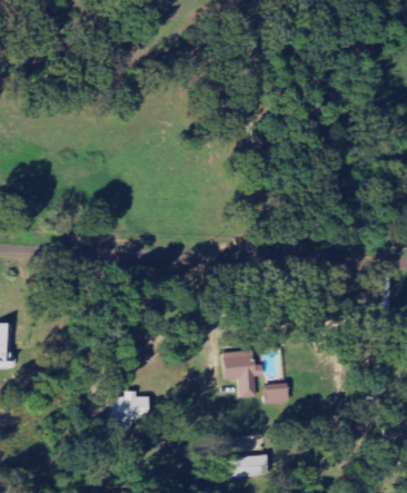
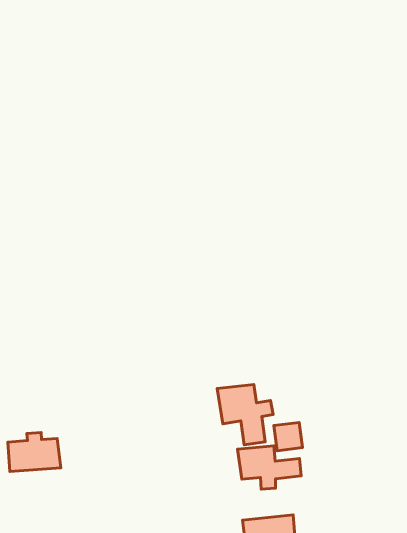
building: [112,391,152,420] -> [8,433,61,472]
building: none -> [238,446,301,489]

